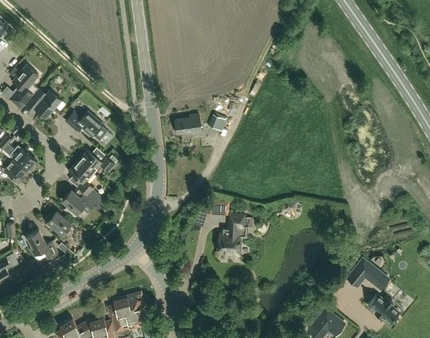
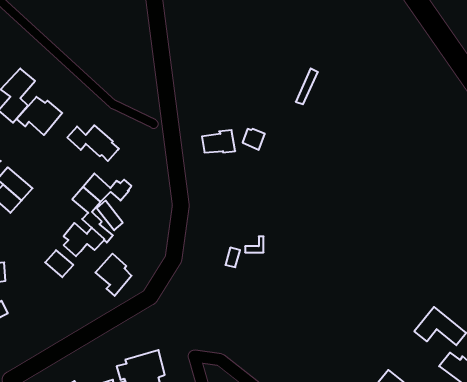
building: [219,214,252,256] -> none
building: none -> [95,254,132,296]
building: [26,230,57,259] -> none

